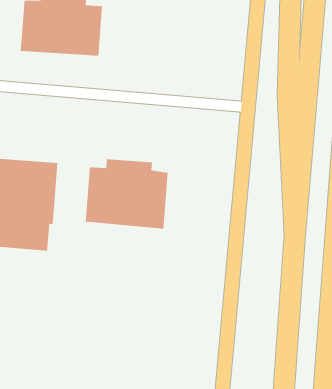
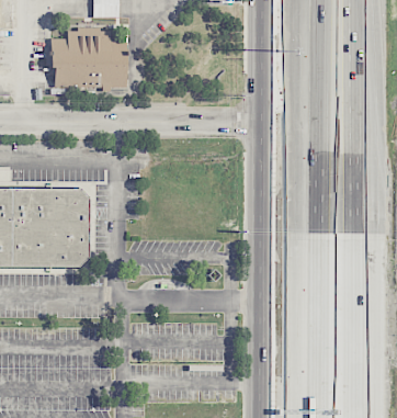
building: [85,158,168,230] -> none

